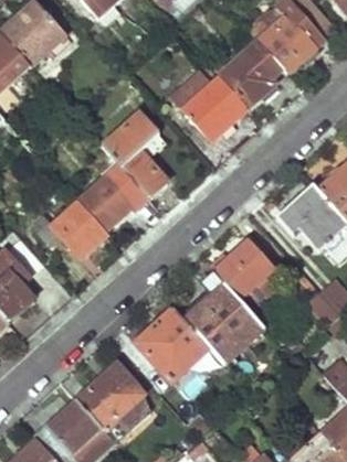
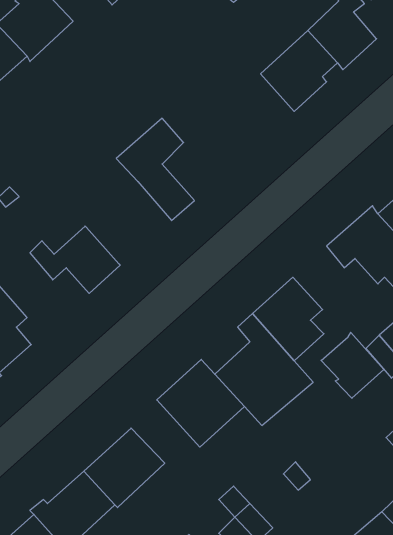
building: [175,62,250,139] -> none
building: [80,164,149,232] -> none
building: none -> [321,332,384,398]

